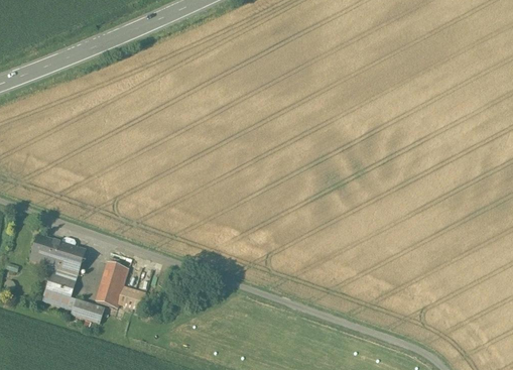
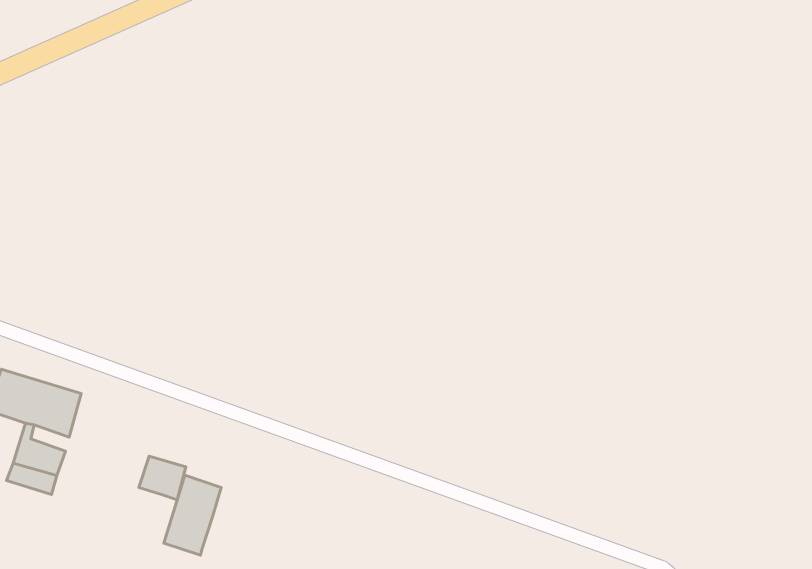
building: [96,261,129,307] -> [164,475,221,555]
building: [71,298,104,323] -> none

